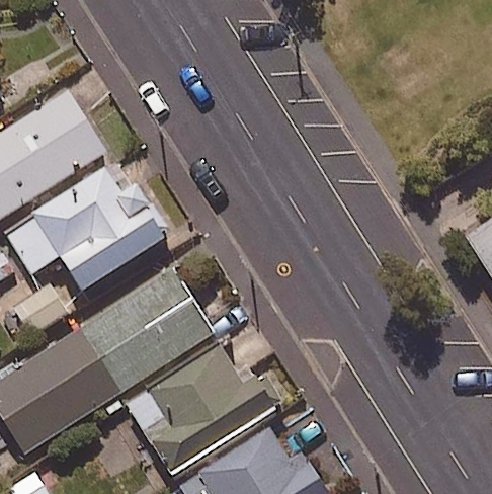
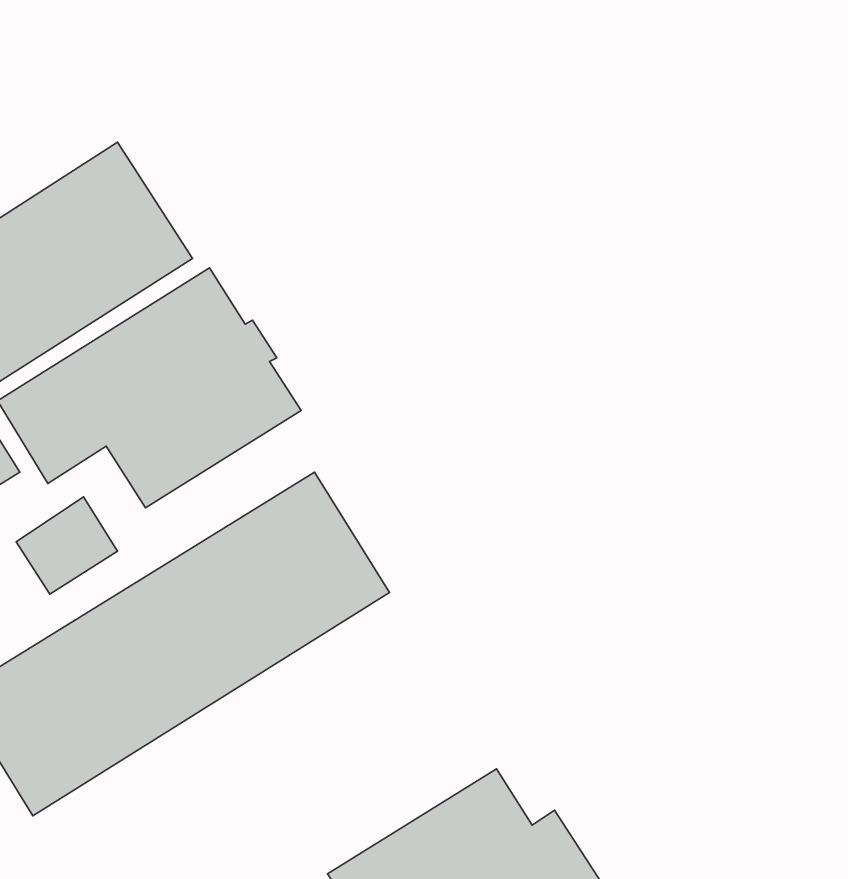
building: [125,347,284,480] -> none

